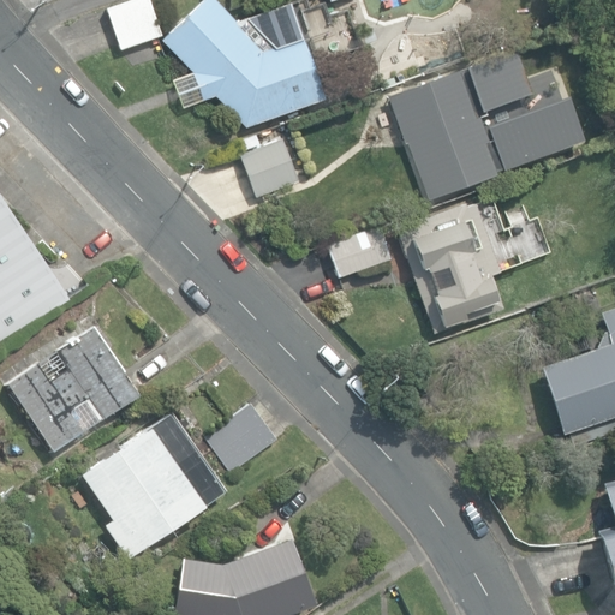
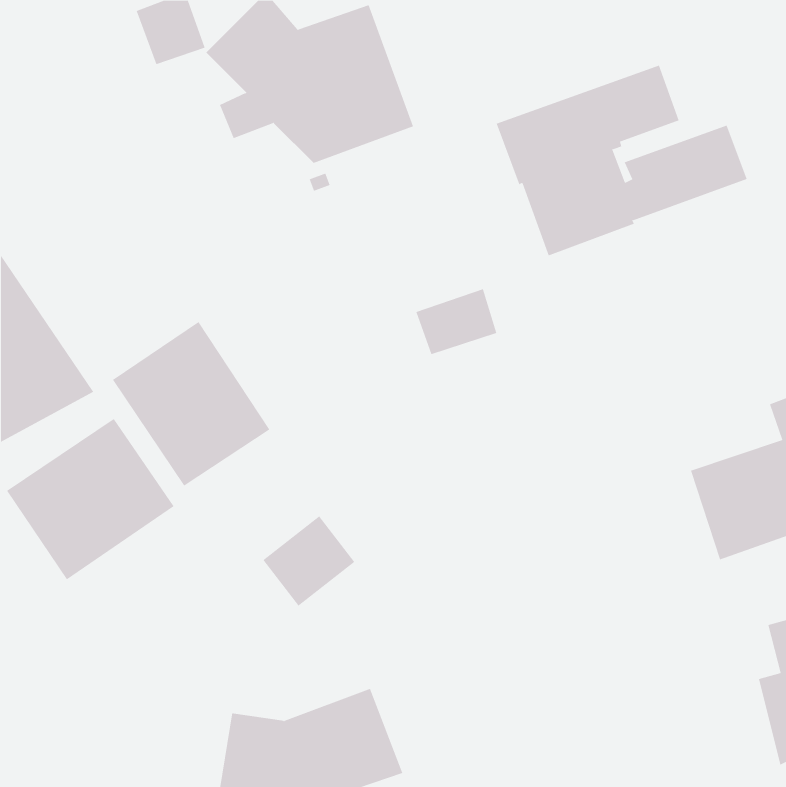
building: [240,139,299,198] -> none
building: [393,203,502,332] -> none
building: none -> [112,321,270,486]
building: [82,413,225,560] -> none

